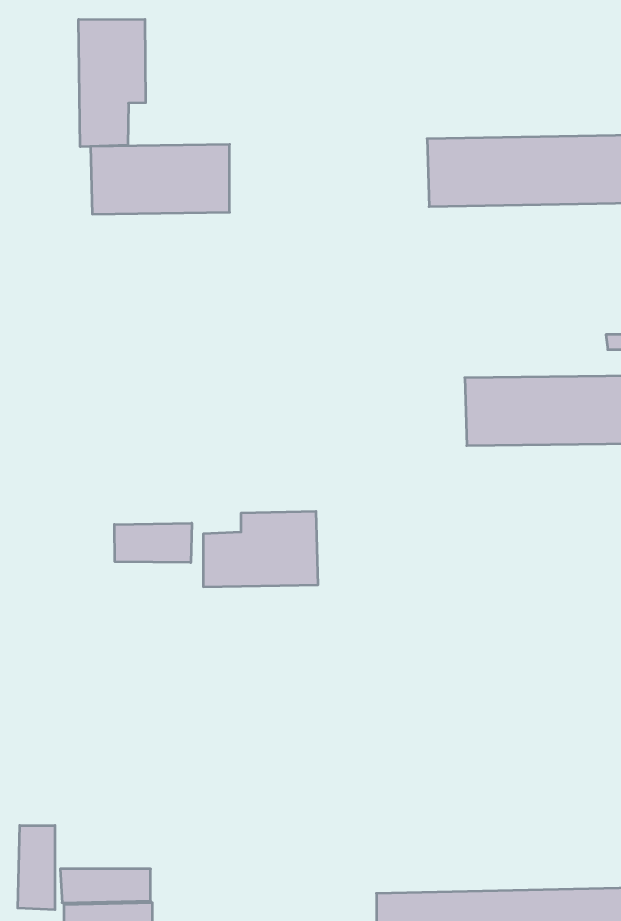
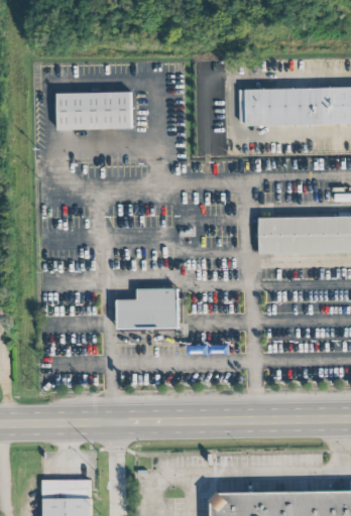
building: [79,19,146,147] -> none
building: [114,523,192,563] -> none
building: [18,825,55,910] -> none

